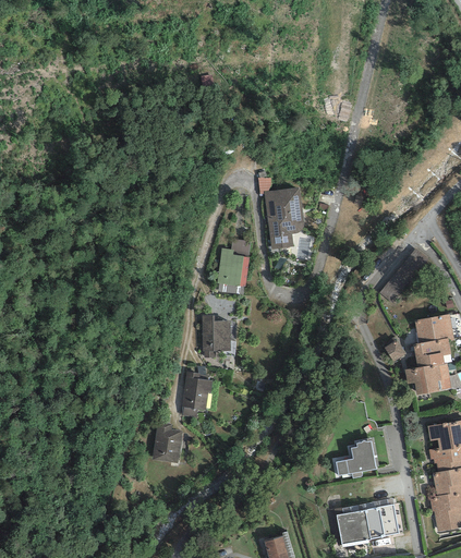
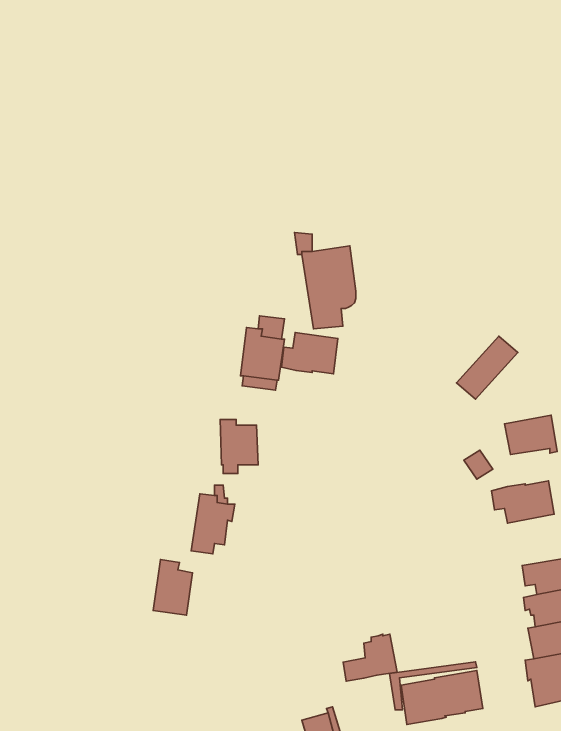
building: none -> [282,333,338,374]
building: [413,338,452,366] -> none
building: [337,440,377,475] -> [343,634,397,681]

